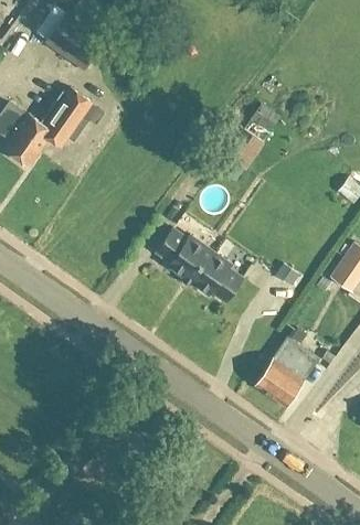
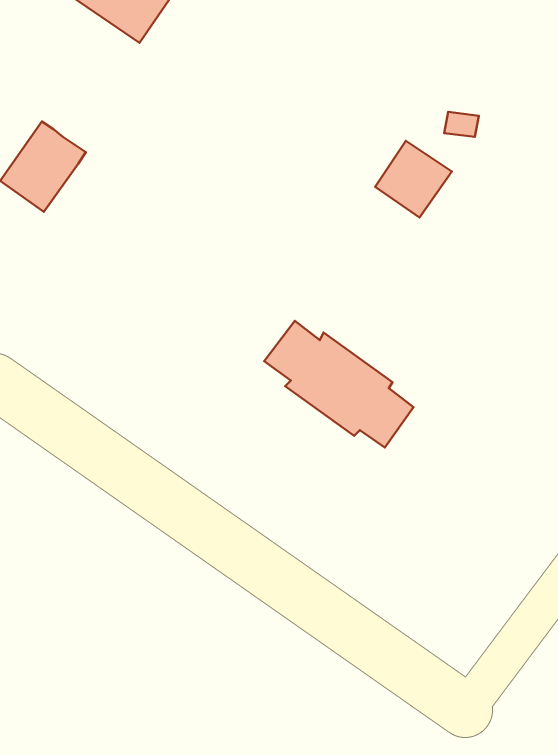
building: [41,88,93,147] -> none
building: [255,338,318,406] -> none

